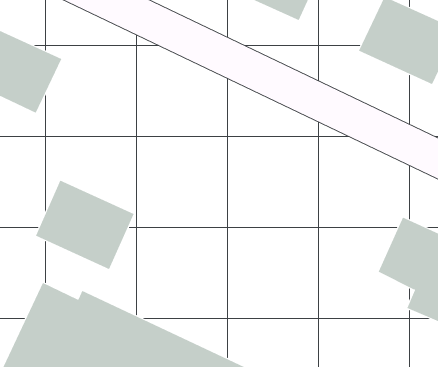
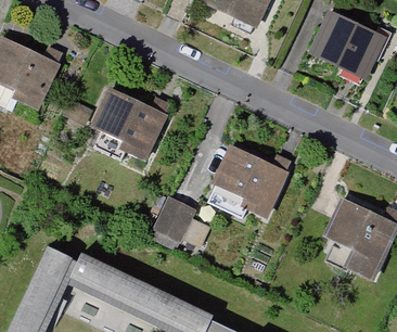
building: none -> [208,141,291,215]
building: [35,180,135,270] -> [87,85,169,159]
building: none -> [153,199,196,245]

